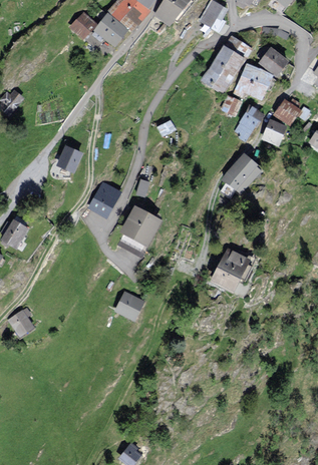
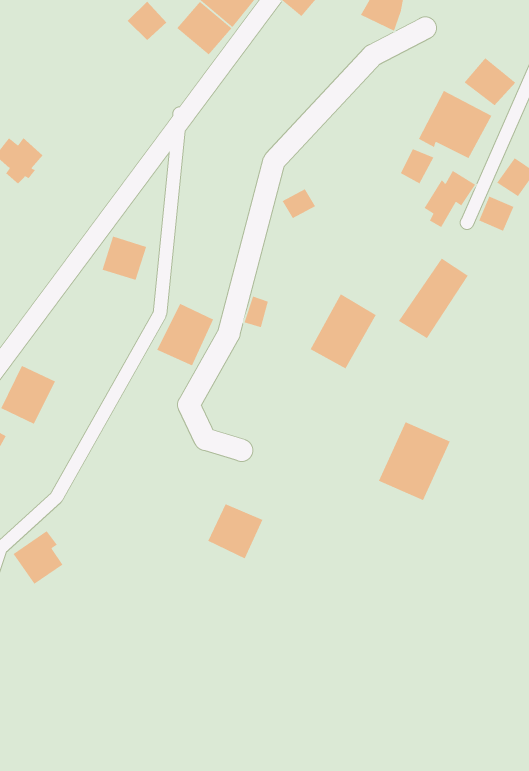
building: [202,37,251,93] -> none
building: [120,208,157,251] -> [310,293,377,369]

